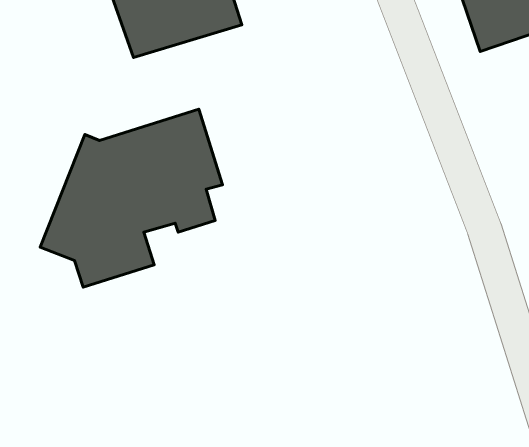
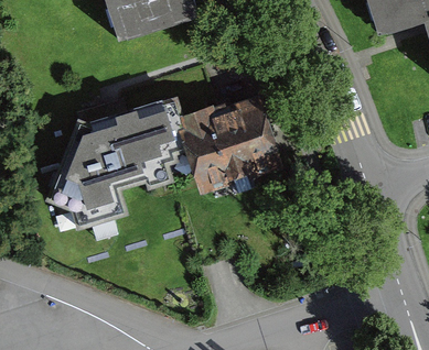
building: none -> [184,79,298,182]

